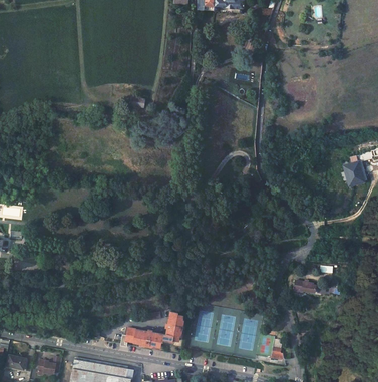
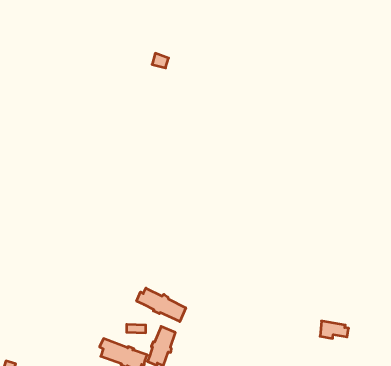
building: none -> [137,288,186,322]

